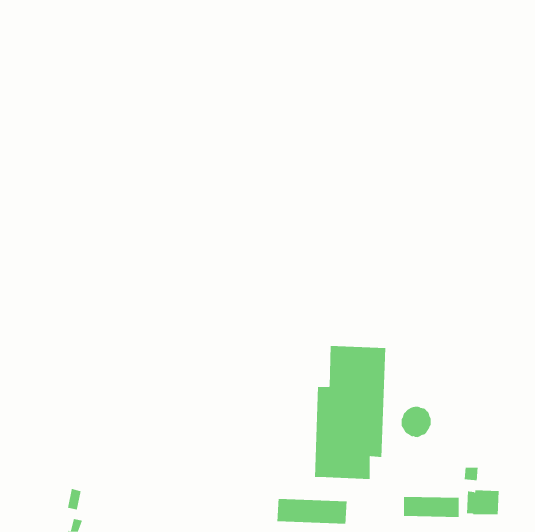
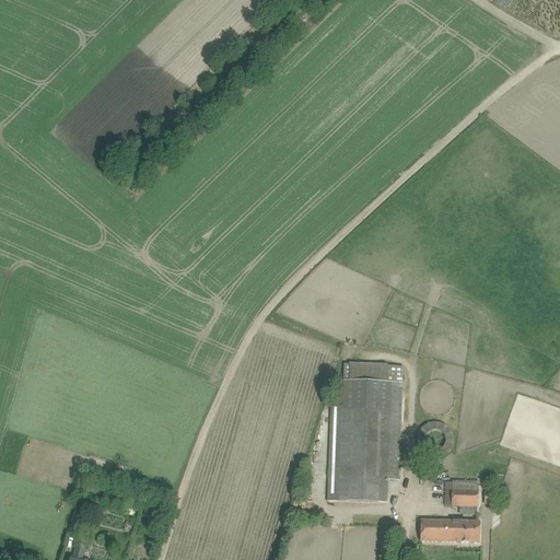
building: [466,490,500,515] -> [444,478,479,504]
building: [277,498,347,525] -> none

